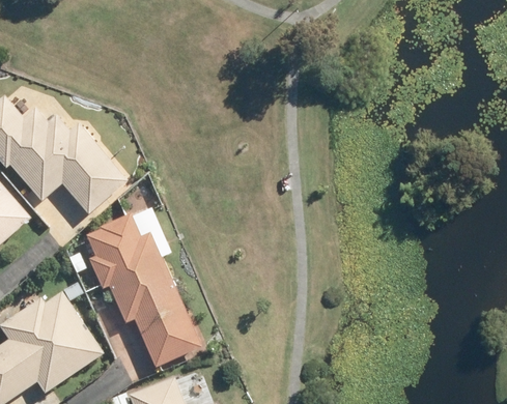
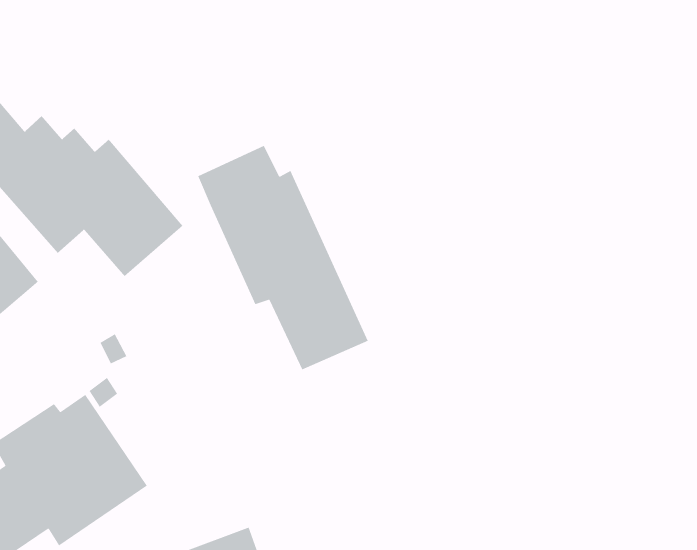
building: [86,215,200,366] -> [197,145,369,371]

